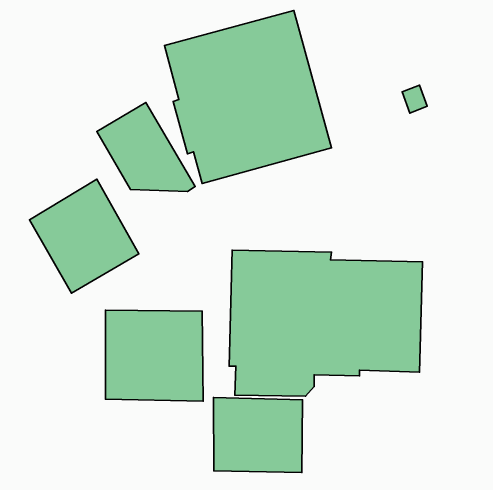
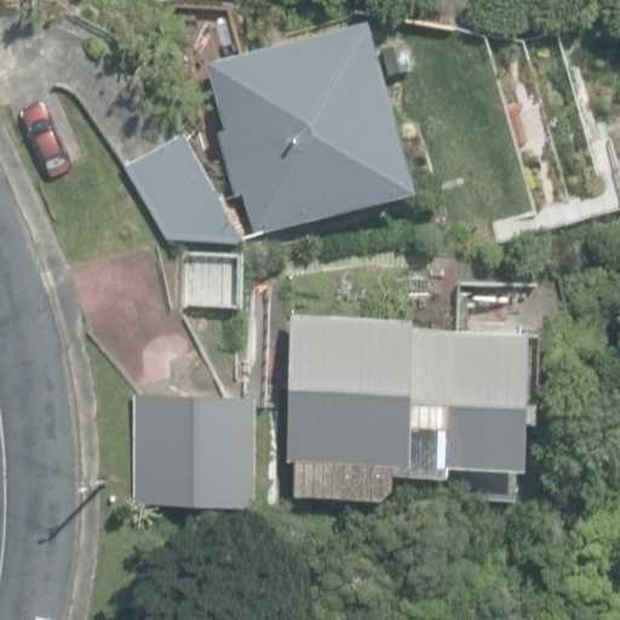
building: [29,179,139,293] -> none
building: [213,398,303,472] -> none

